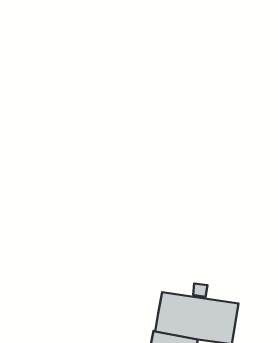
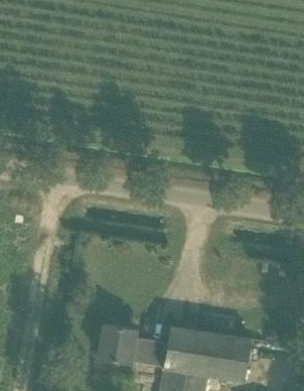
building: none -> [99,324,167,369]

